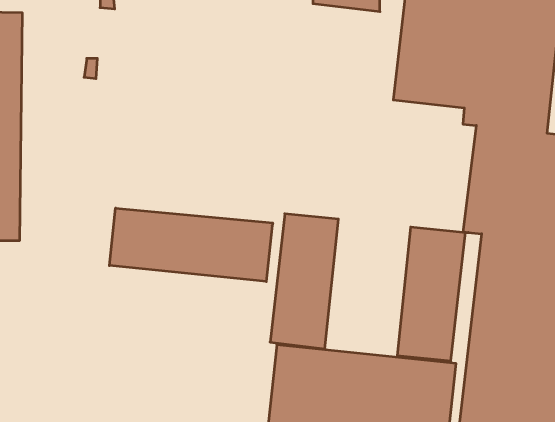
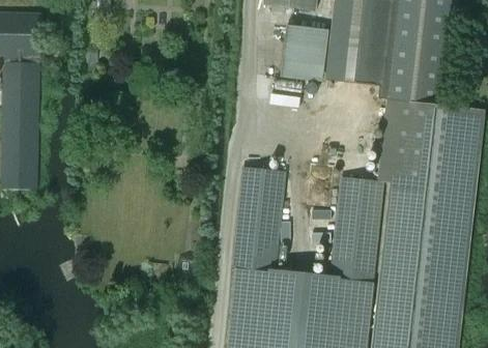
building: none -> [280,25,325,81]
building: [109,208,273,282] -> none

